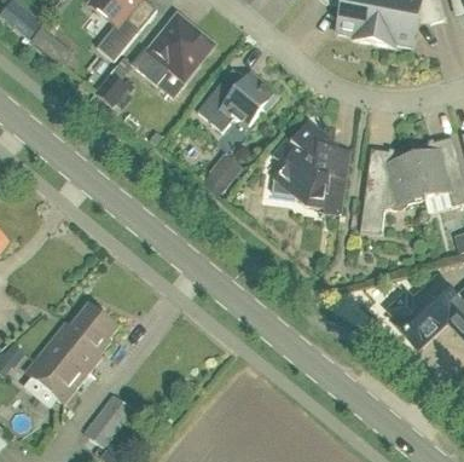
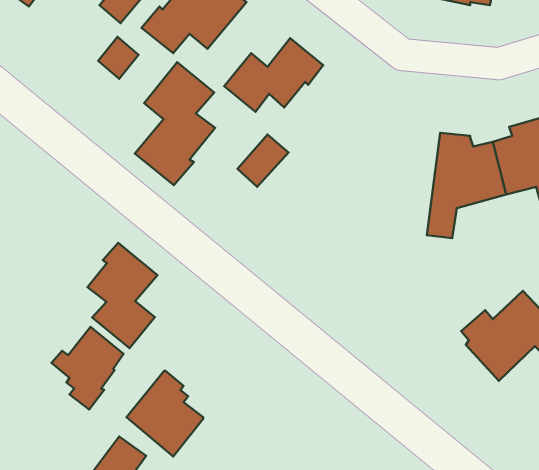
building: none -> [135,62,215,185]
building: [272,119,349,213] -> none
building: none -> [87,243,157,348]
building: [27,333,88,402] -> [126,371,203,456]

